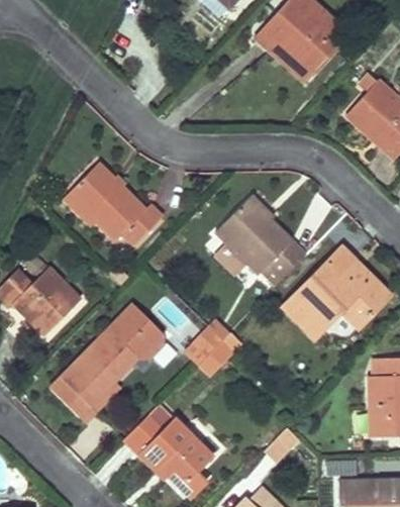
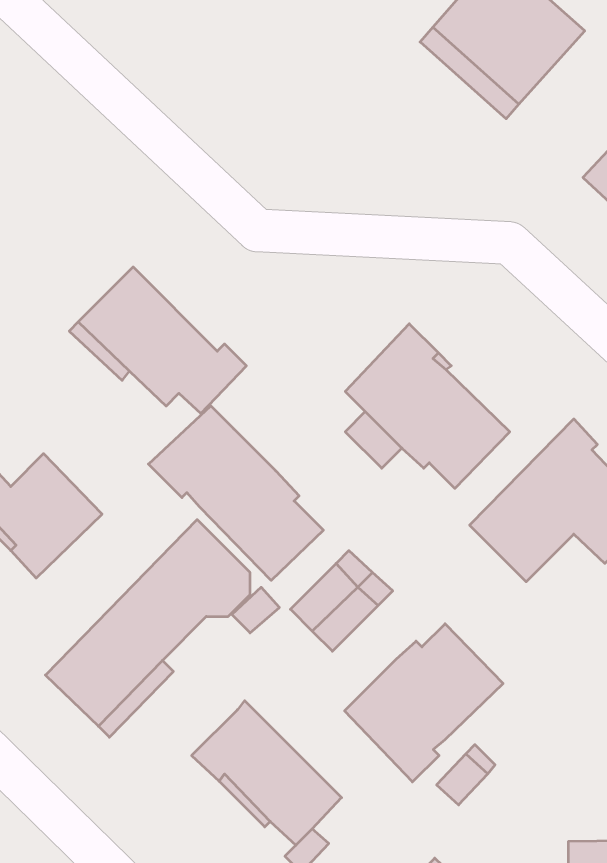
building: none -> [148,406,323,580]
building: none -> [345,624,503,782]

